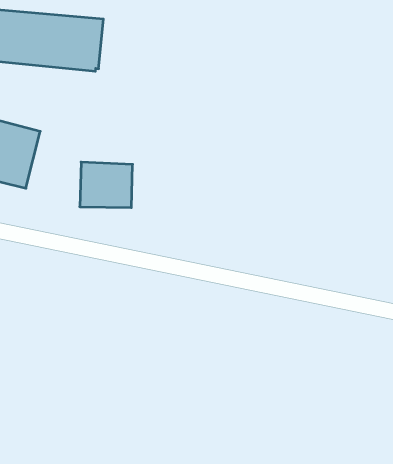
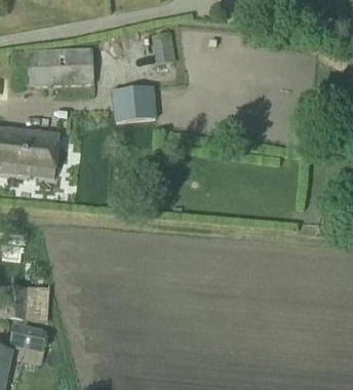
building: none -> [152,31,176,63]
building: [80,162,133,208] -> [114,85,155,121]

